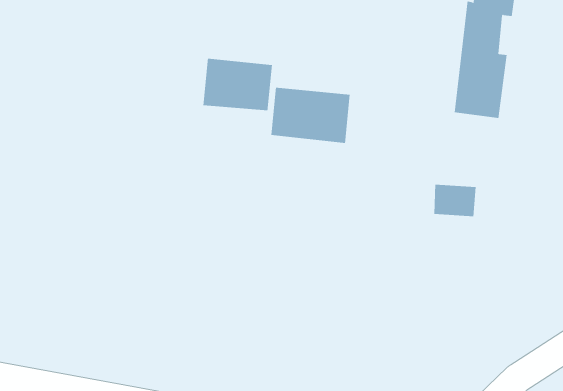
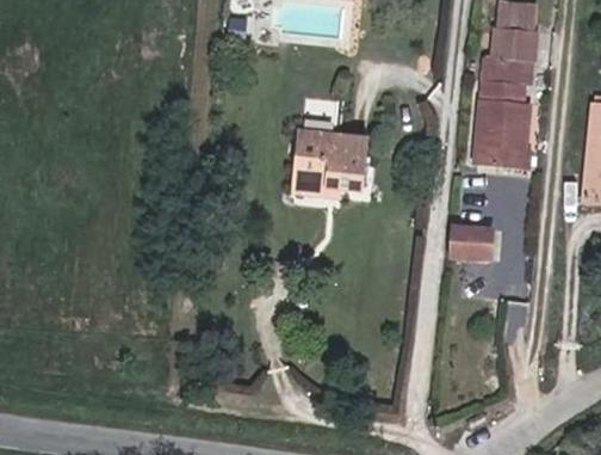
building: [203,58,272,111] -> none

